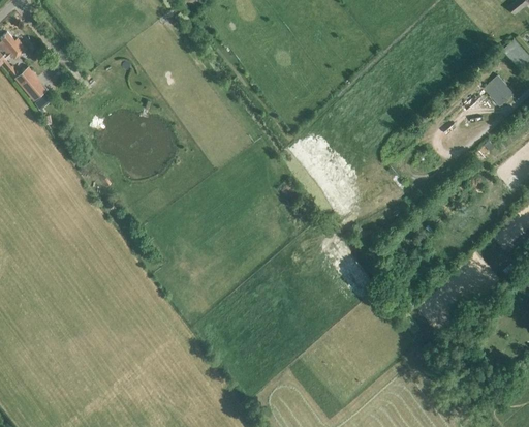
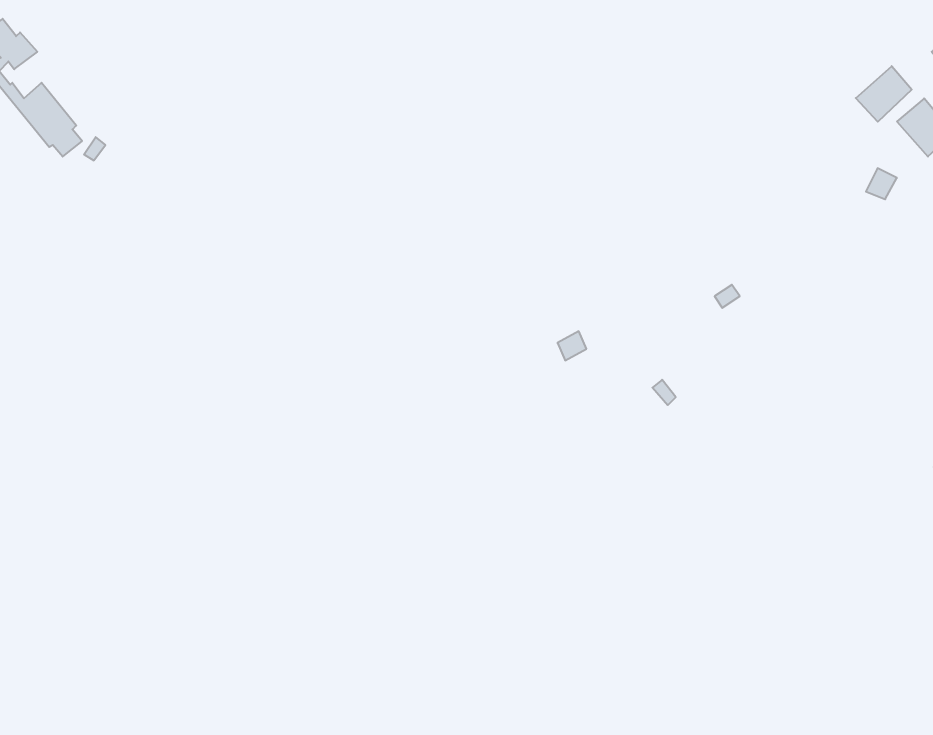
building: none -> [856,66,912,122]

